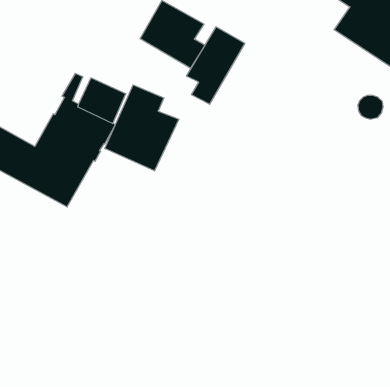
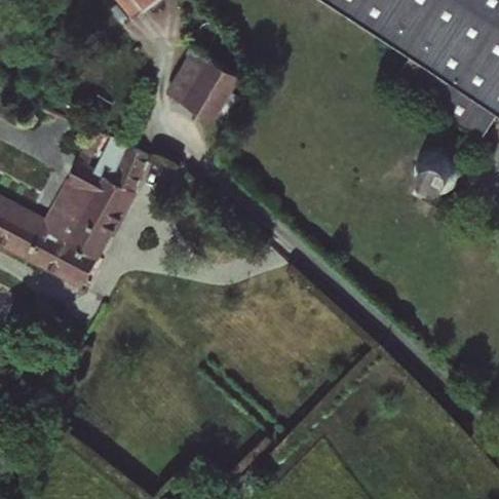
building: [187,27,245,104] -> none
building: [105,85,179,171] -> none

